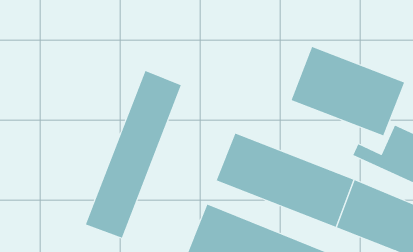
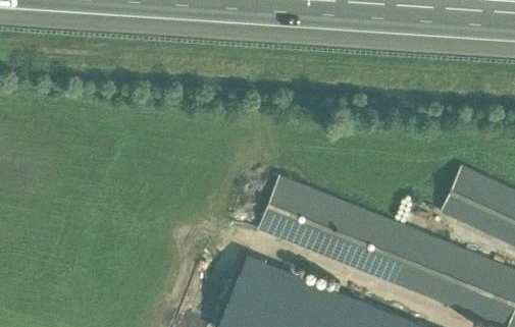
building: [291,46,405,136] -> none
building: [85,70,182,239] -> none

